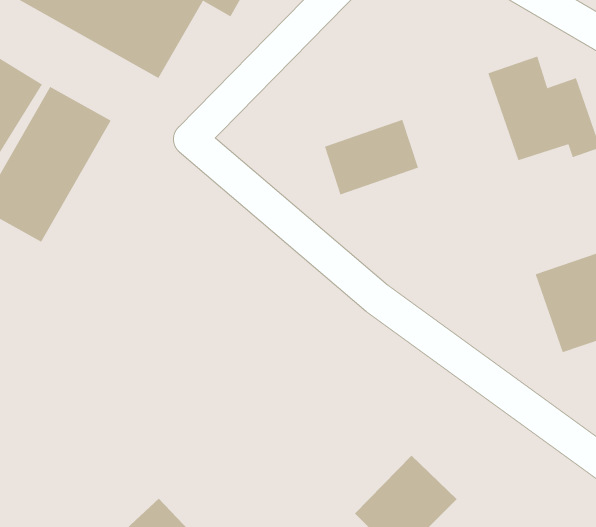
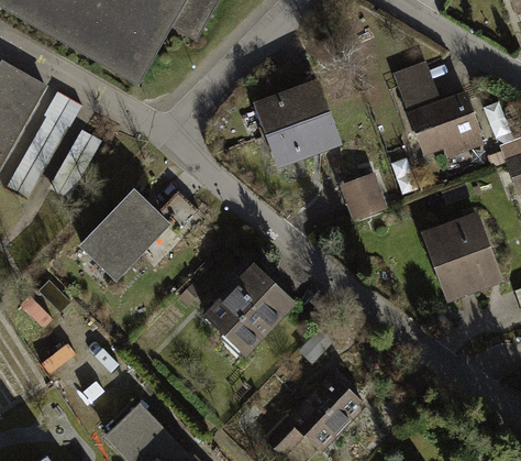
building: none -> [254,83,326,136]
building: none -> [343,176,384,216]
building: none -> [75,188,169,282]
building: none -> [207,267,291,353]

